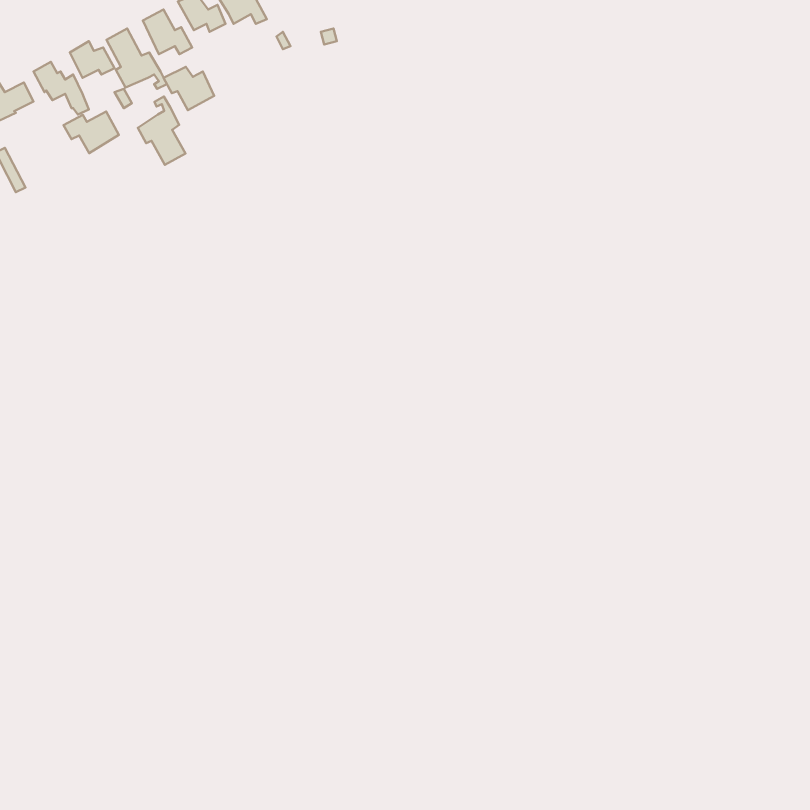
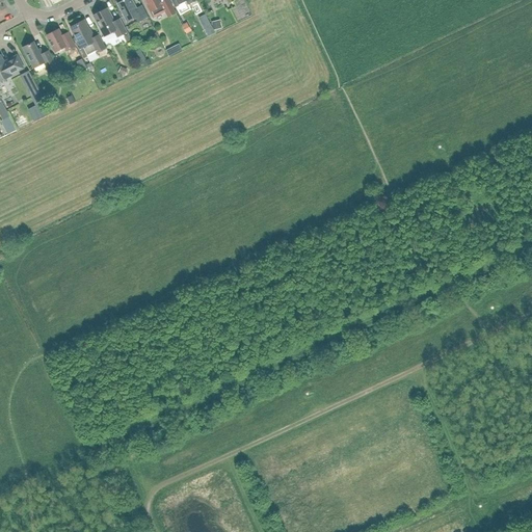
building: [164,67,214,110] -> none
building: [138,96,185,165] -> none
building: [63,111,119,153] -> none

